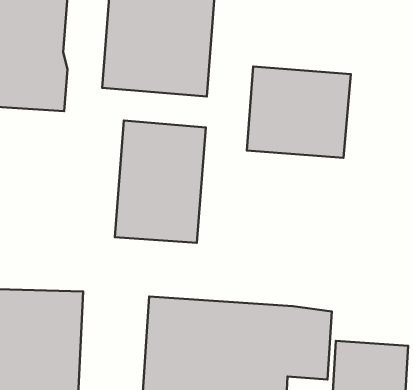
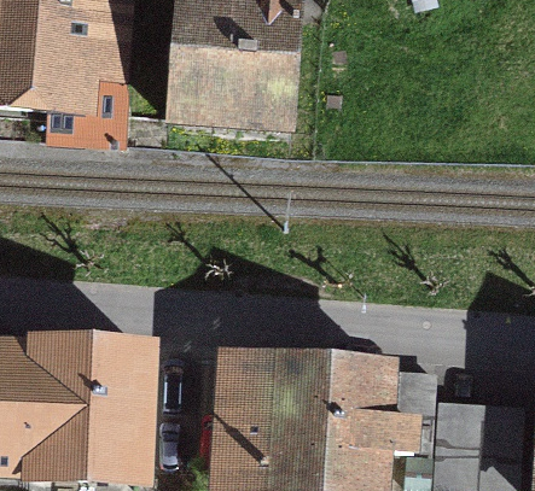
building: [247,67,351,158] -> none
building: [115,120,206,243] -> none

